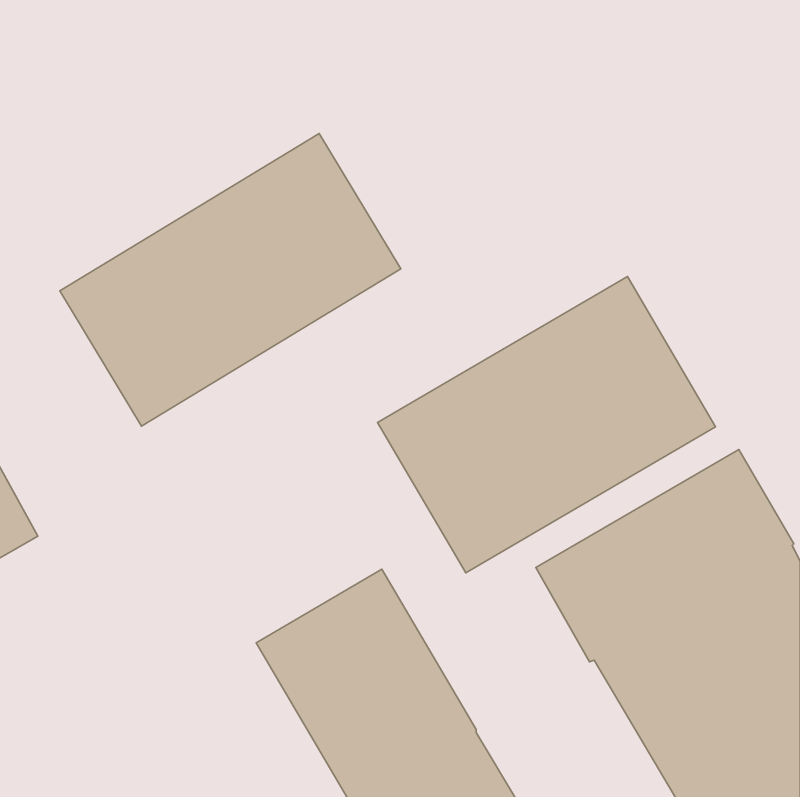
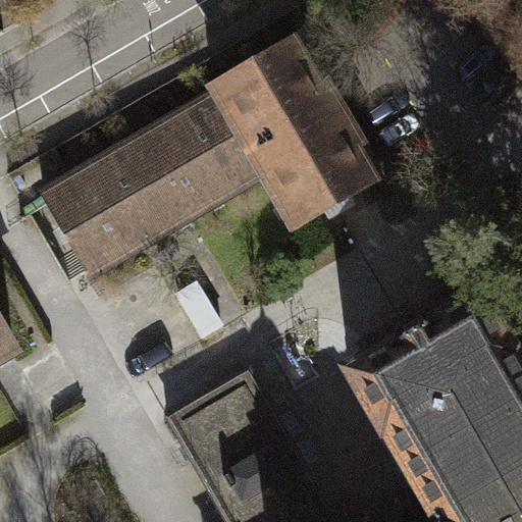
building: none -> [207,37,383,230]
building: [378,276,716,573] -> none

